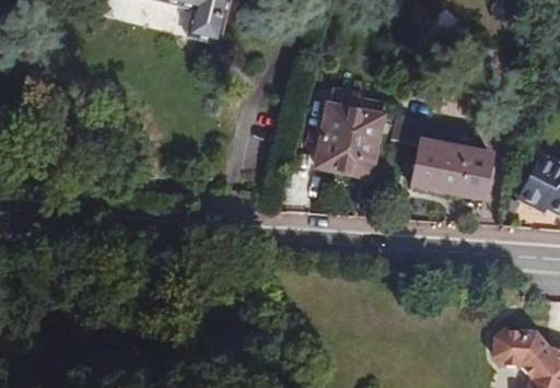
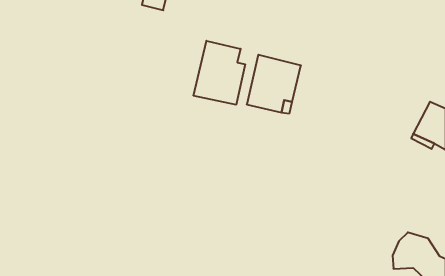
building: none -> [194,41,245,105]
building: [411,122,492,197] -> none

